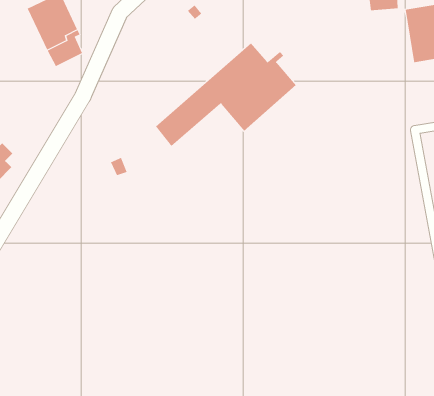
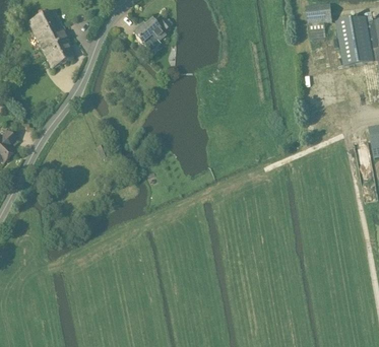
building: none -> [132,18,165,42]
building: [155,43,297,147] -> none

